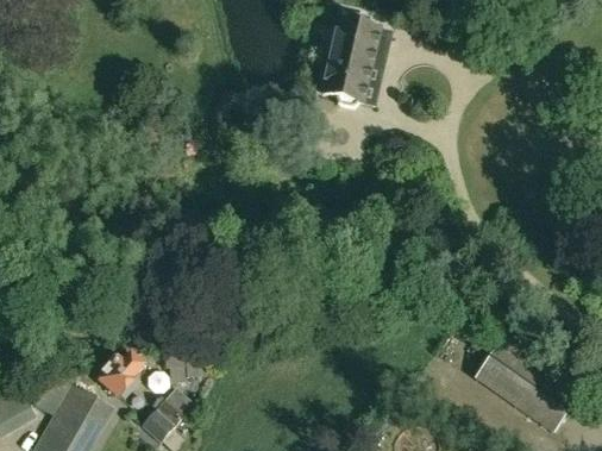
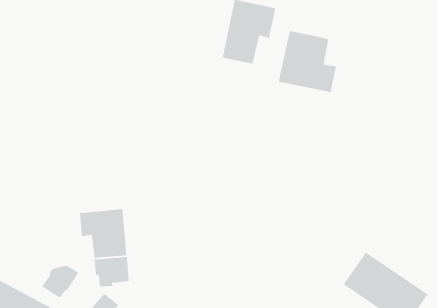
building: none -> [278,30,336,93]
building: none -> [79,208,127,258]

